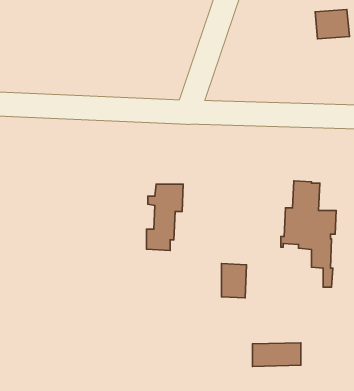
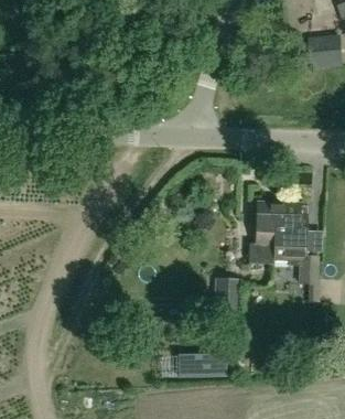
building: [147,184,183,250] -> [247,202,281,264]
building: [252,343,301,366] -> [177,355,223,377]

